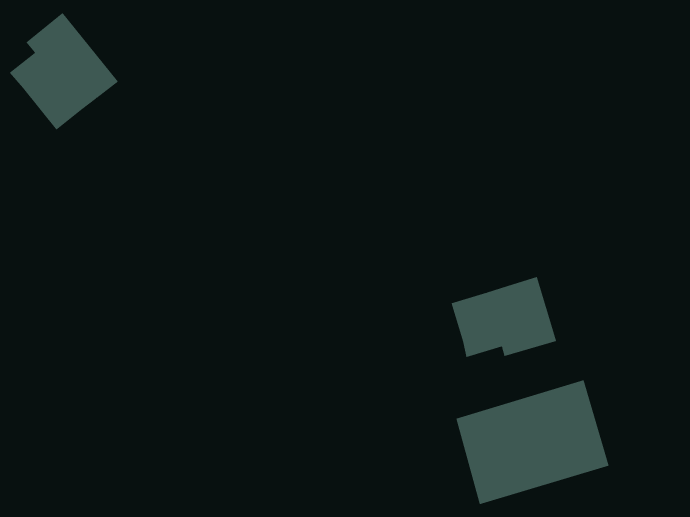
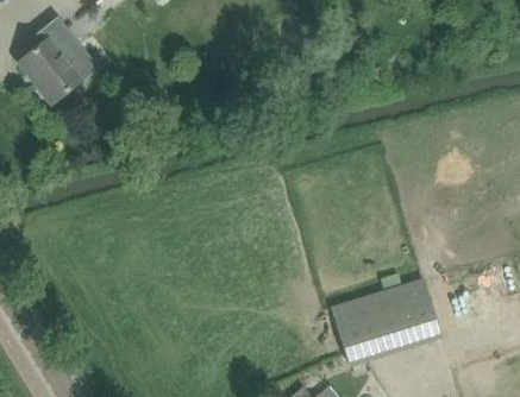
building: [451,276,557,358] -> none

